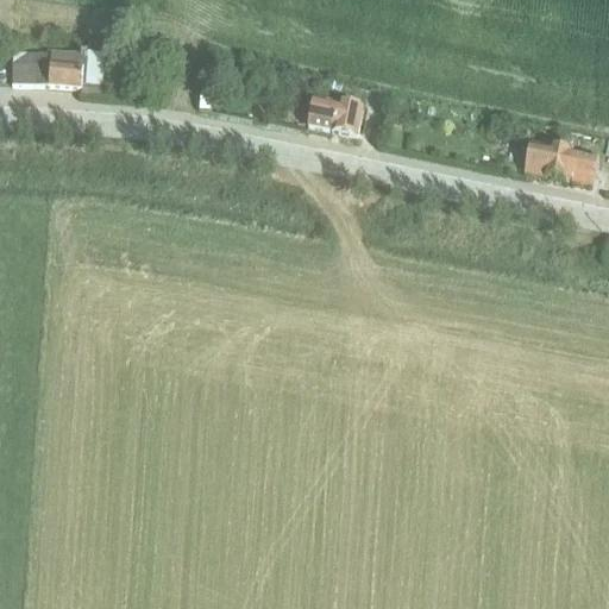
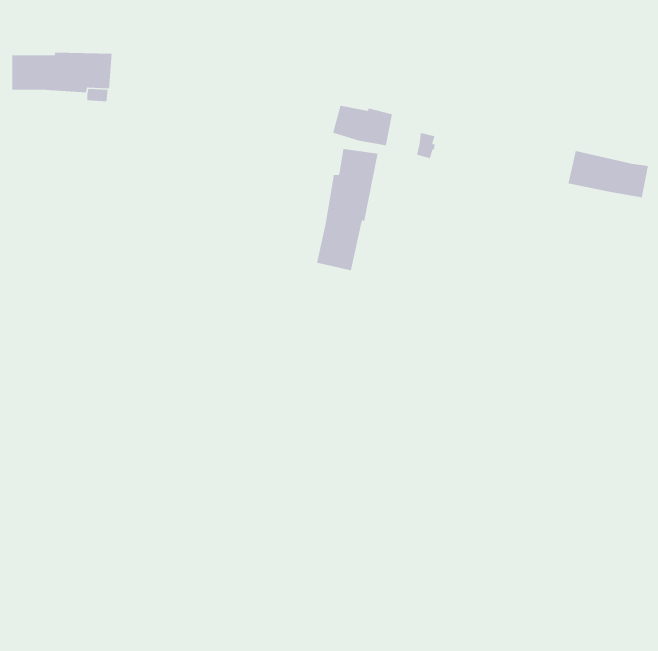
building: none -> [316,148,379,271]

